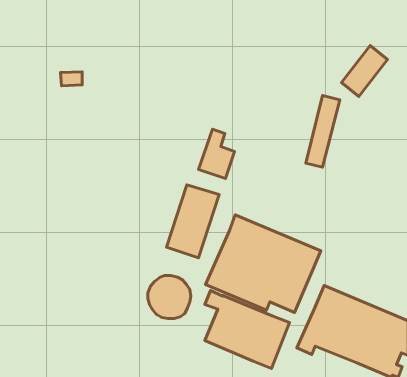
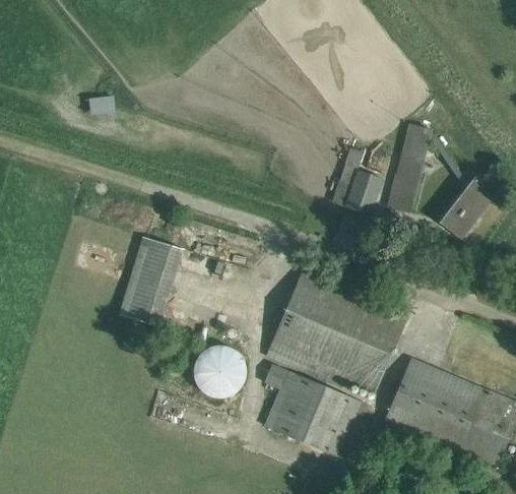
building: [341,46,388,97] -> [441,175,498,238]
building: [198,129,235,179] -> [334,150,379,211]
building: [166,185,219,258] -> [116,234,181,324]

